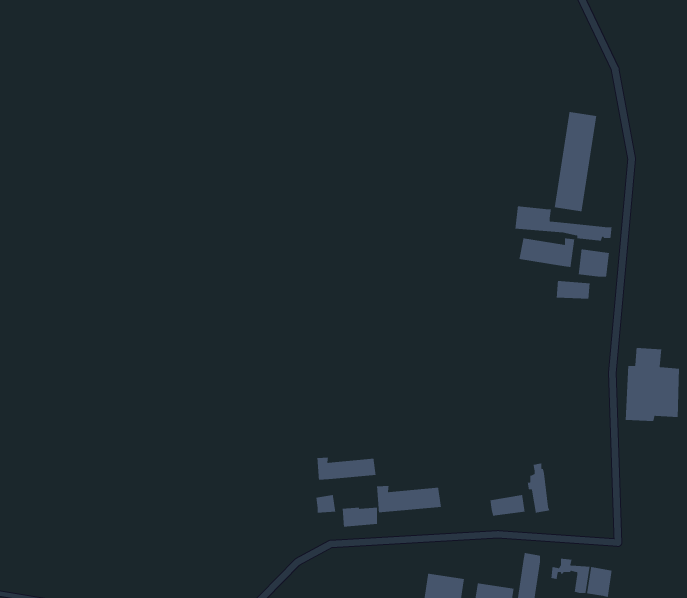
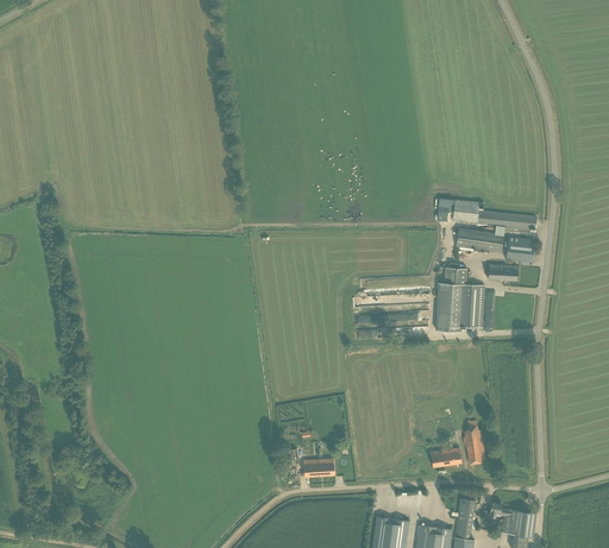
building: [554,111,597,212] -> none
building: [625,347,680,422] -> [434,267,482,332]
building: [317,457,377,481] -> none
building: [376,485,442,513] -> none

